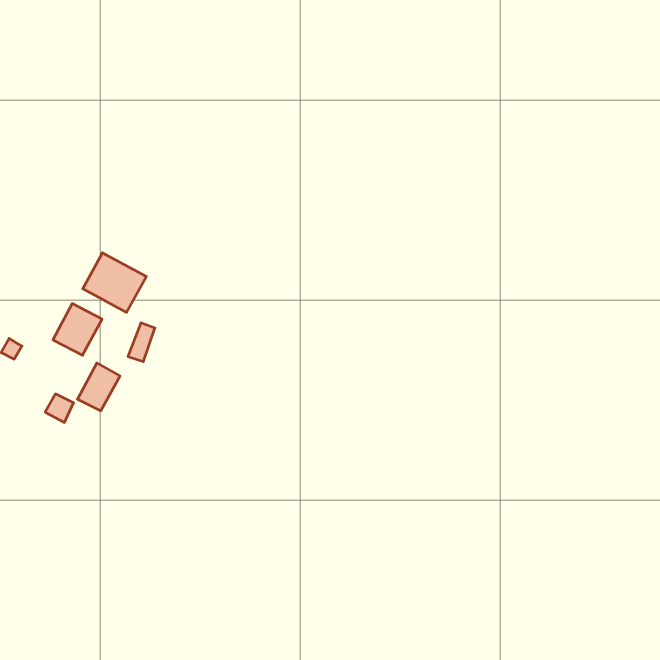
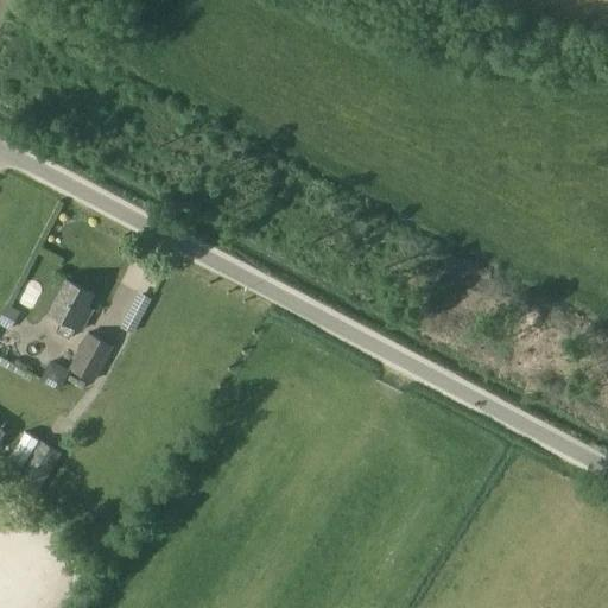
building: [83,253,146,312] -> none
building: none -> [15,442,59,493]

